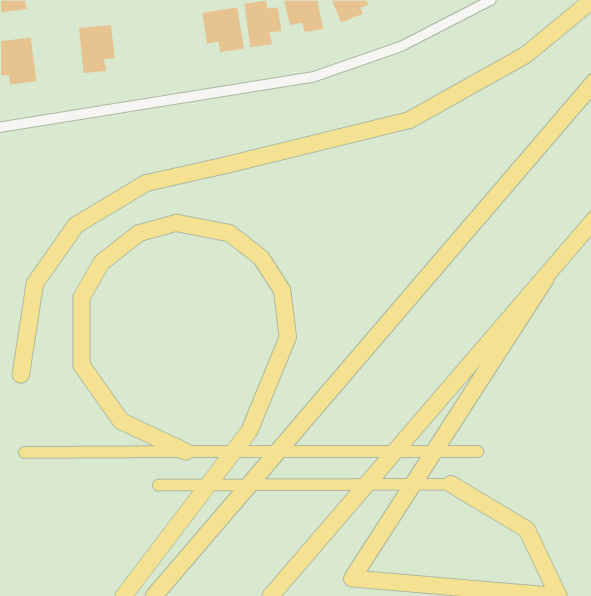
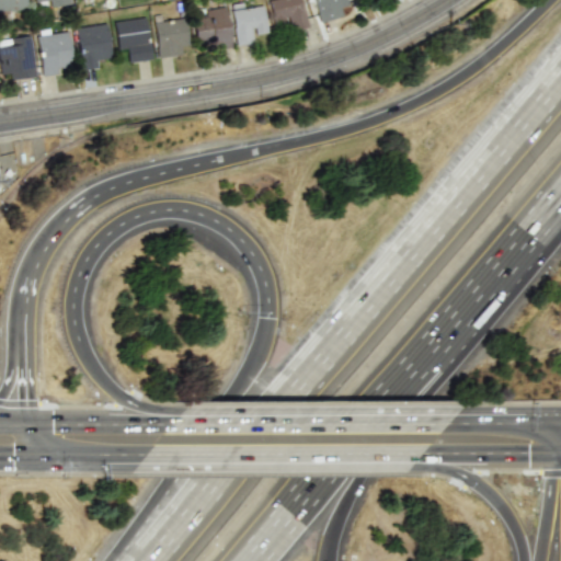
building: none -> [115,16,154,62]
building: none -> [156,18,192,57]
building: none -> [37,26,76,76]

